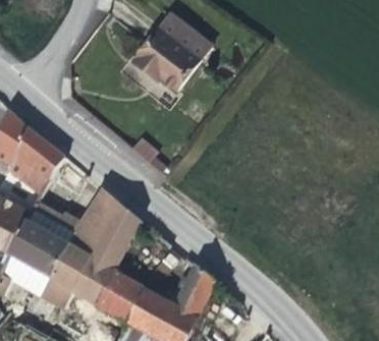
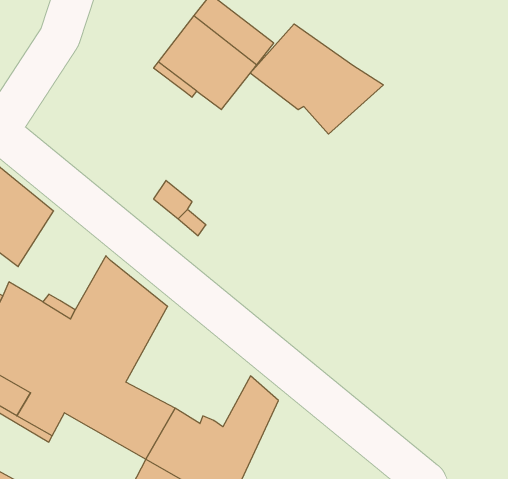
building: none -> [250,24,383,134]

